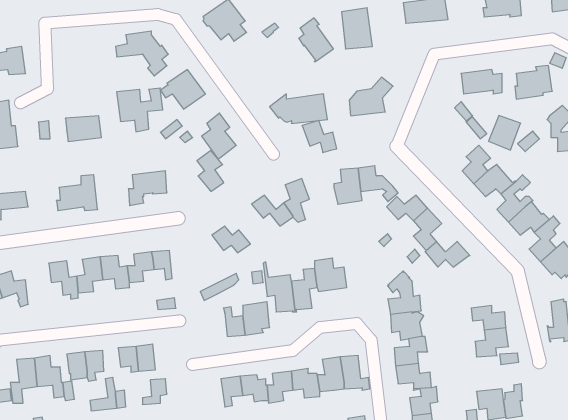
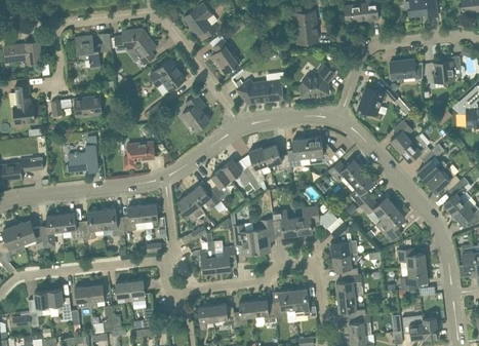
building: [299,18,333,62] -> [211,39,239,74]
building: [117,88,163,132] -> [74,34,111,69]
building: [489,116,521,150] -> [358,87,384,115]
building: [302,120,337,153] -> [263,145,290,170]
building: [197,150,224,191] -> [210,167,232,200]
building: none -> [177,192,204,222]
building: none -> [295,206,343,234]
building: none -> [376,208,404,240]
building: none -> [41,215,62,247]

